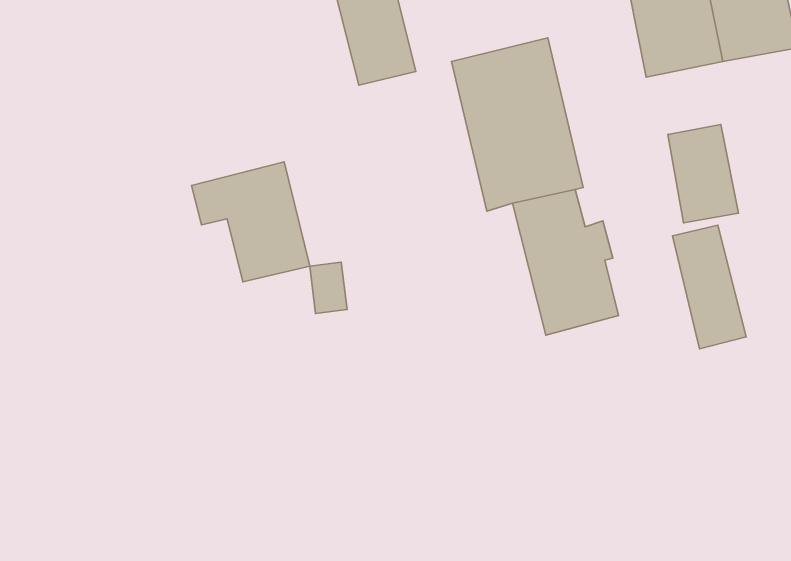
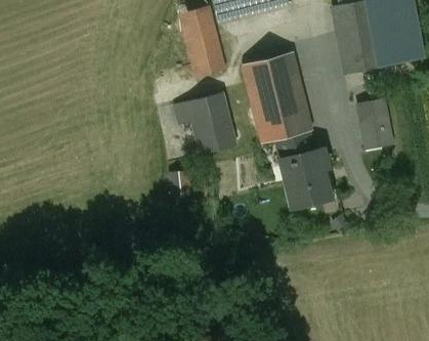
building: [192,162,310,282] -> [174,91,235,154]
building: [673,225,746,349] -> none

